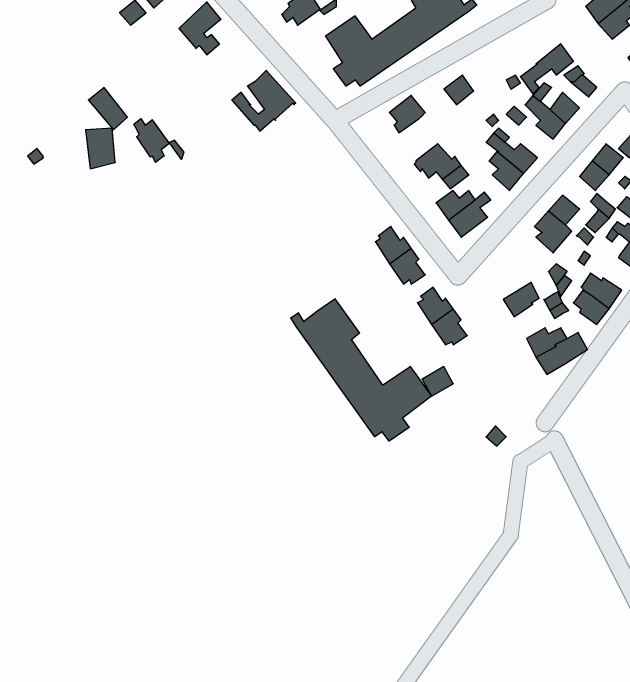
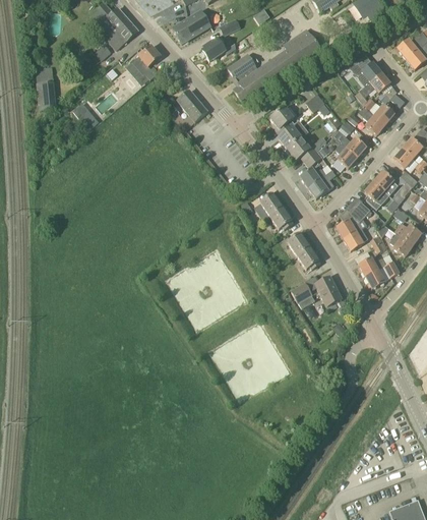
building: none -> [346,62,381,85]
building: none -> [276,119,308,149]
building: [134,119,184,162] -> none
building: [86,128,115,169] -> [37,82,56,109]
building: none -> [337,200,371,239]
building: [291,299,431,441] -> none
building: none -> [315,276,342,306]

